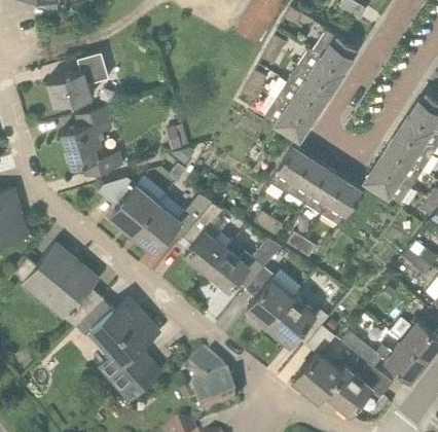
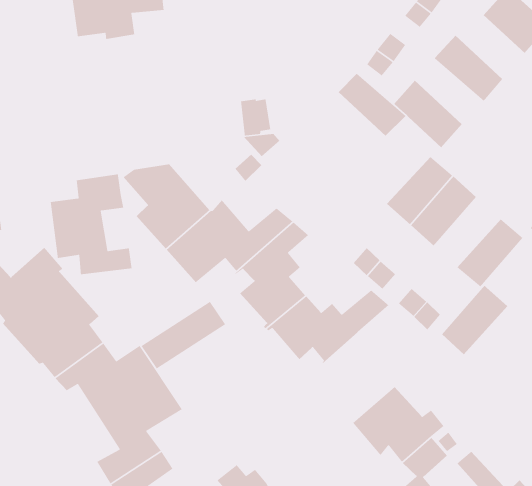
building: [297,48,343,89] -> none
building: [276,83,322,121] -> [338,73,406,137]
building: [62,107,121,176] -> [50,174,132,275]
building: [304,168,344,215] -> [441,285,508,355]
building: none -> [141,301,226,370]
building: [245,266,293,325] -> none

